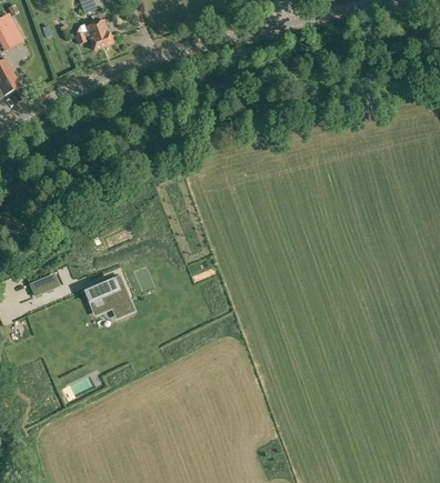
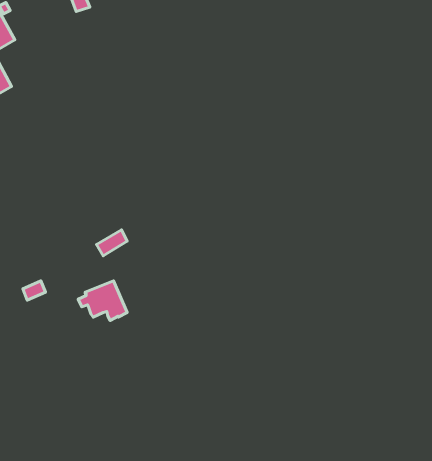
building: [74,19,113,49] -> none

